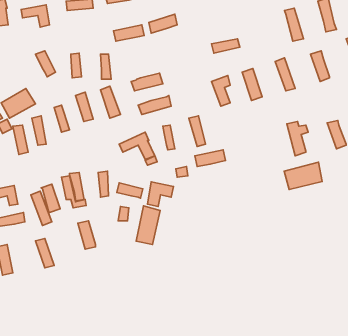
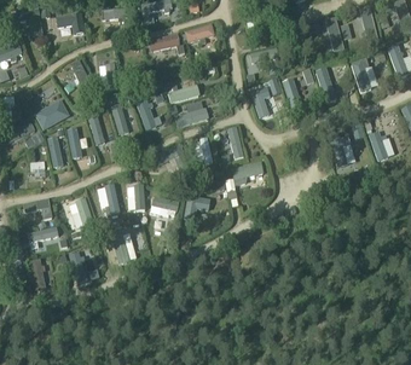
building: [284,162,322,189] -> none
building: [136,206,160,245] -> none

